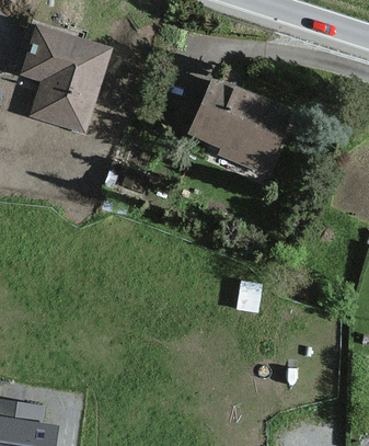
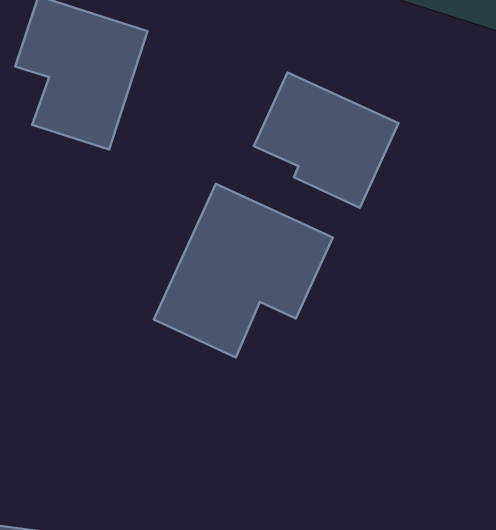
building: none -> [154,184,333,357]

